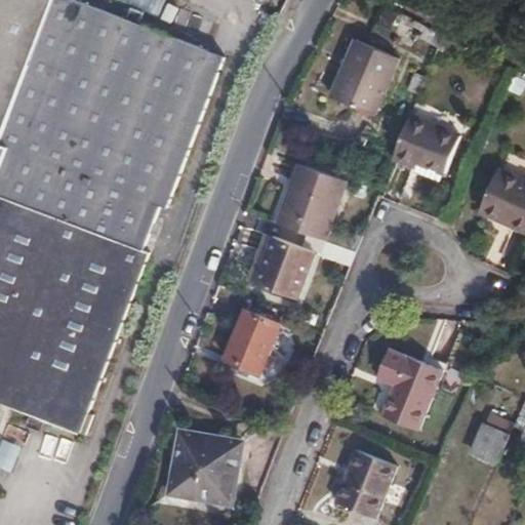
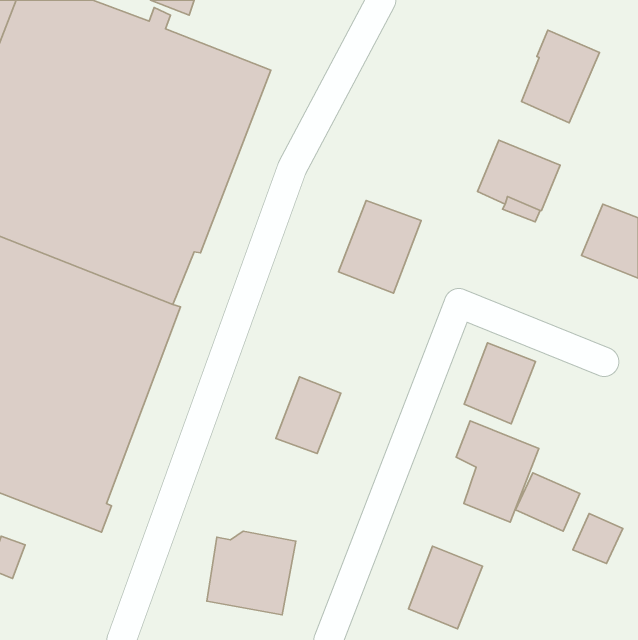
building: [330,42,394,118] -> [522,30,599,123]
building: [255,237,314,298] -> none
building: none -> [464,343,536,424]
building: none -> [515,473,580,531]

